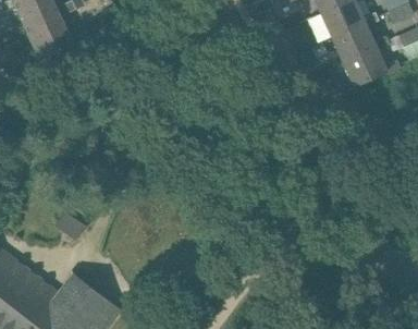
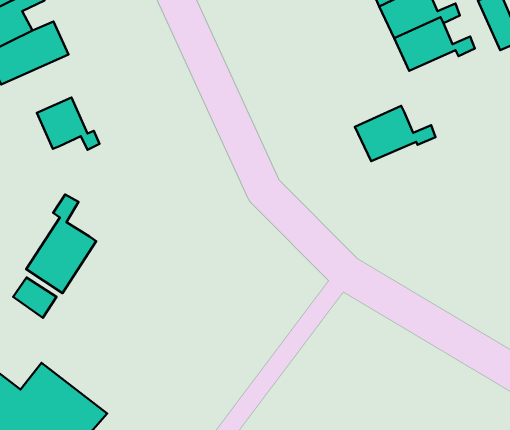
building: [342,46,401,86] -> [355,106,436,161]
building: none -> [37,98,99,150]
building: none -> [26,194,96,293]

